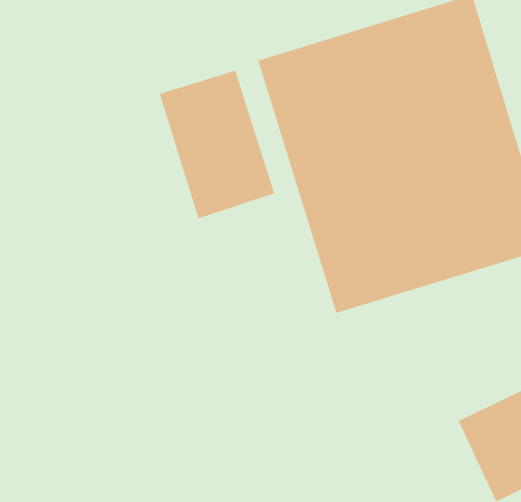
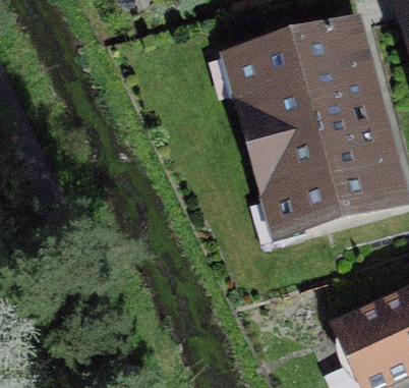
building: [159,70,275,219] -> none

